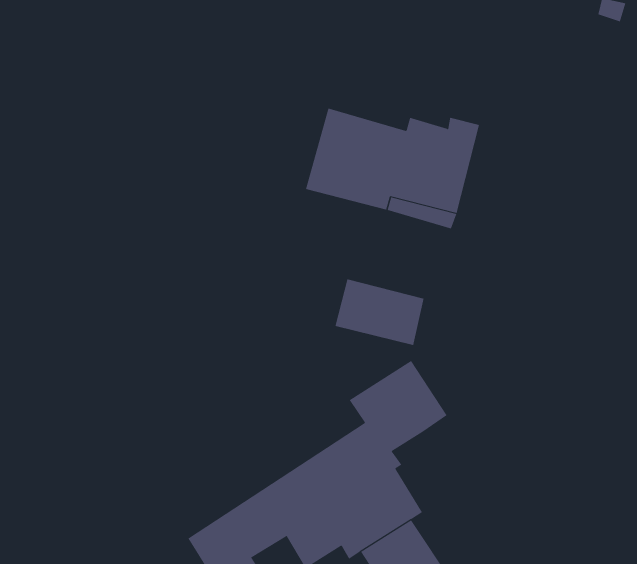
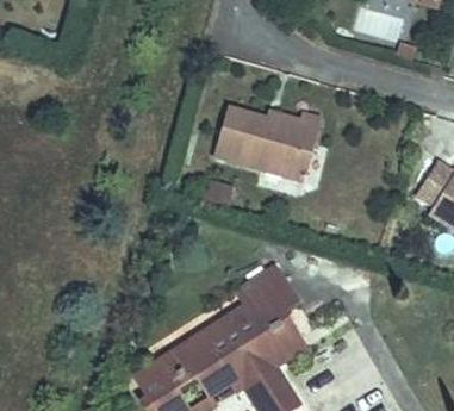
building: [335,279,424,346] -> none
building: none -> [266,310,307,360]

